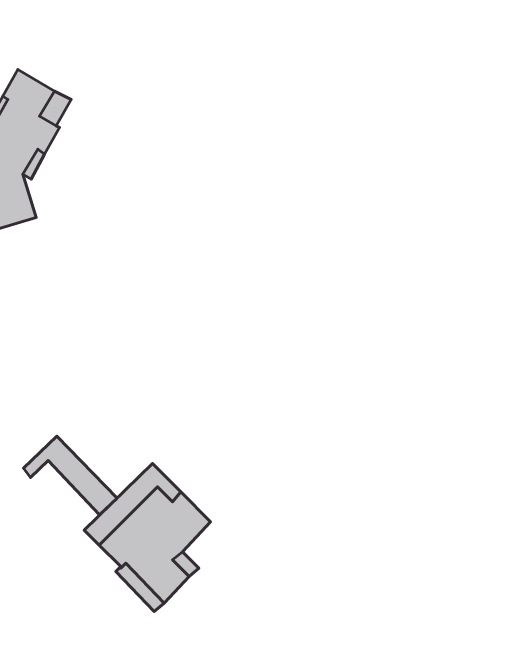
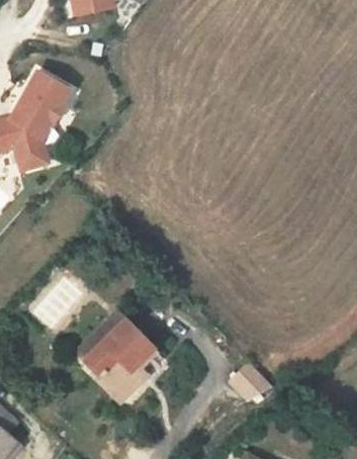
building: [24,436,117,515] -> none
building: none -> [232,363,273,400]

